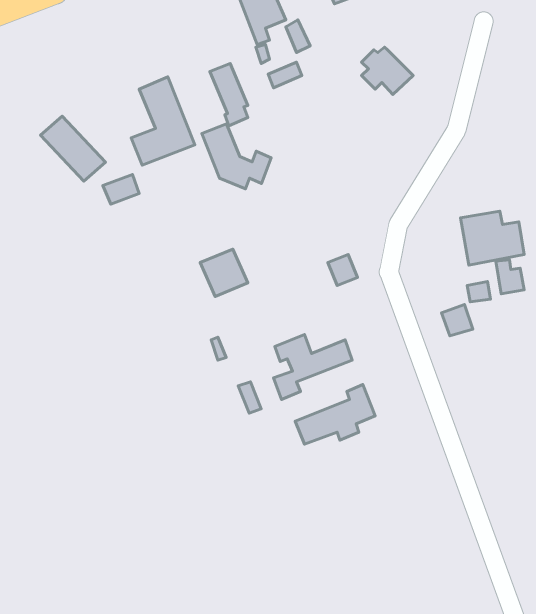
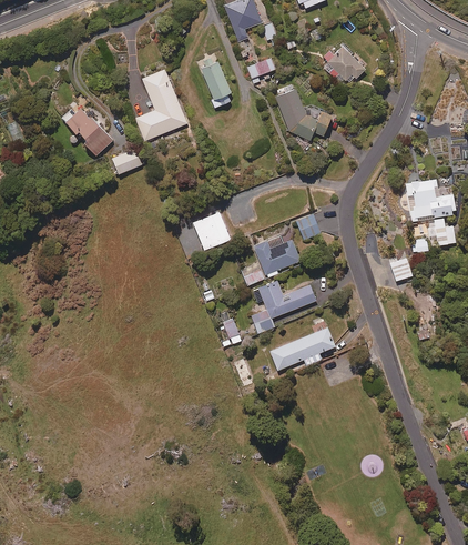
building: [202,124,271,189] -> [275,87,332,140]
building: none -> [242,235,301,284]

